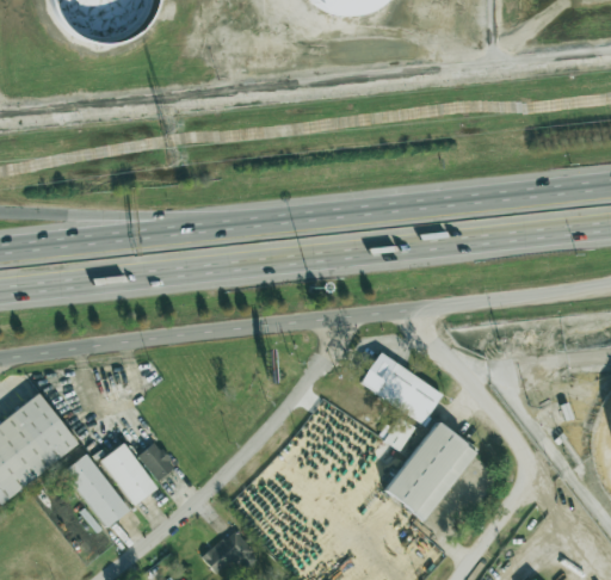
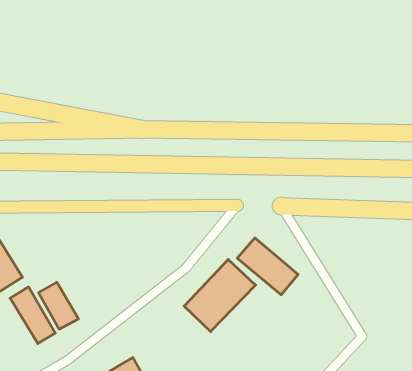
building: [385,421,477,520] -> [184,259,256,332]
building: [138,442,175,481] -> none

